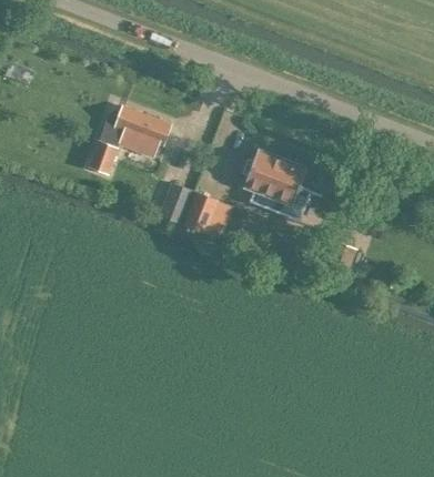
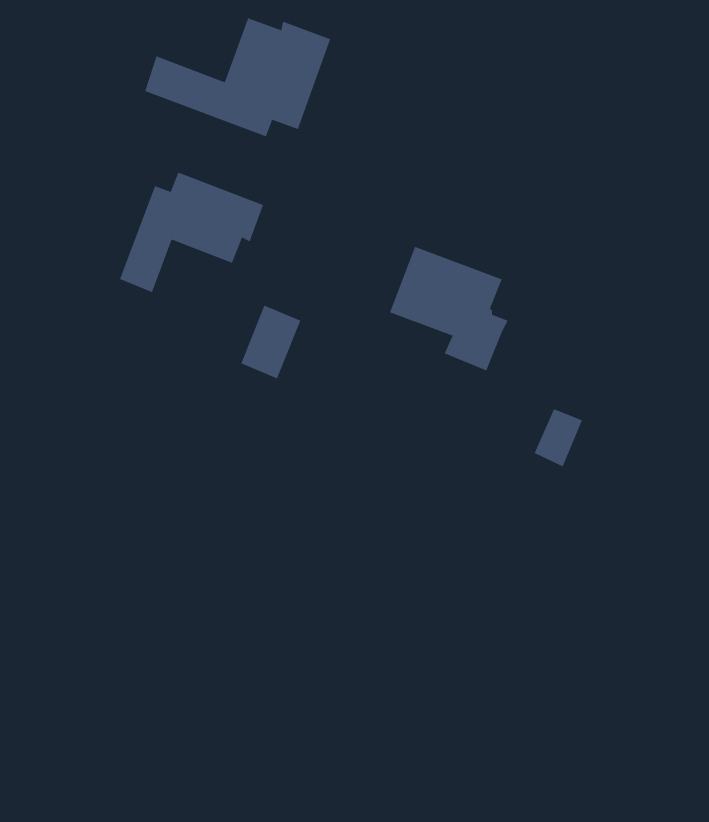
building: none -> [144,17,331,137]
building: [182,191,218,232] -> none

